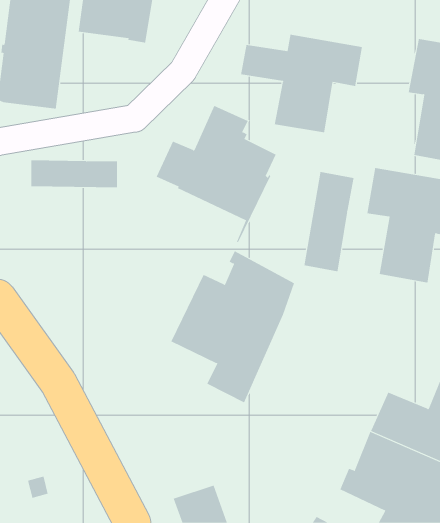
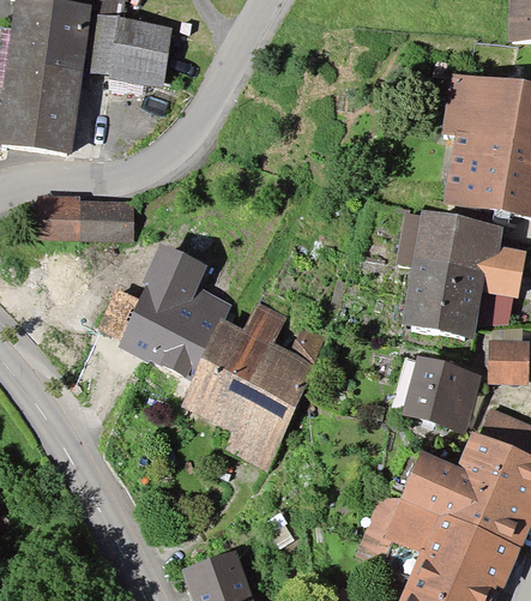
building: [240,34,363,133] -> none
building: [156,105,277,243] -> [101,252,230,399]
building: [304,171,354,272] -> none
building: none -> [394,361,467,425]

